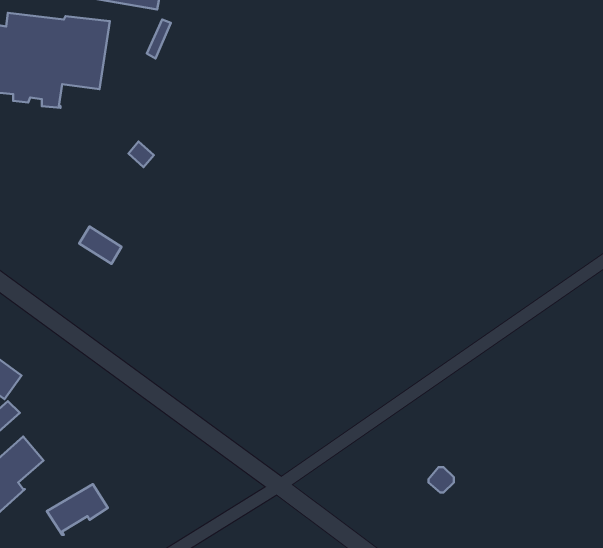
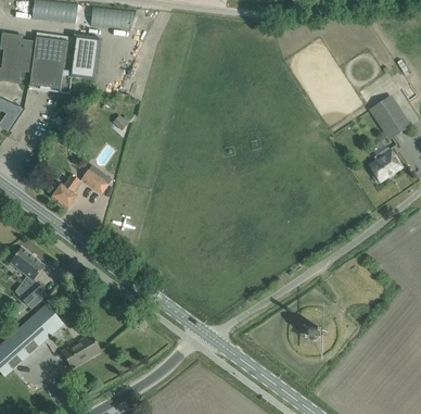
building: none -> [372,97,408,137]
building: none -> [369,147,403,180]
building: none -> [51,174,80,208]

